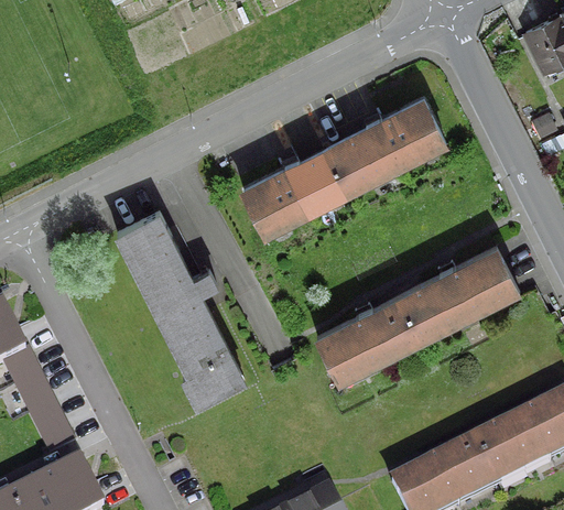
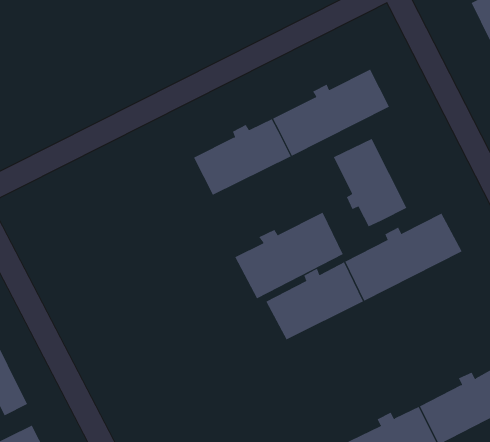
building: none -> [333,138,407,227]
building: [117,213,243,402] -> none
building: none -> [235,212,343,299]

